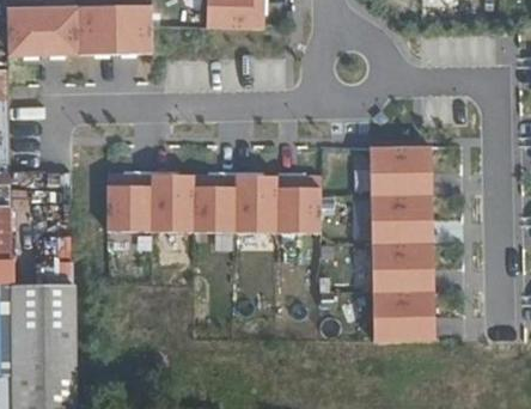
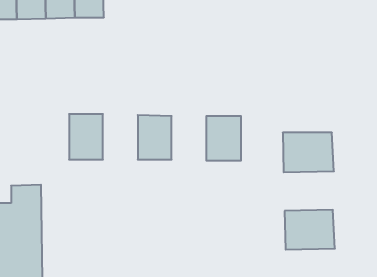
building: [370,146,432,195] -> none
building: [148,172,191,228] -> none
building: [233,175,276,230] -> none
building: [372,243,434,292] -> none

